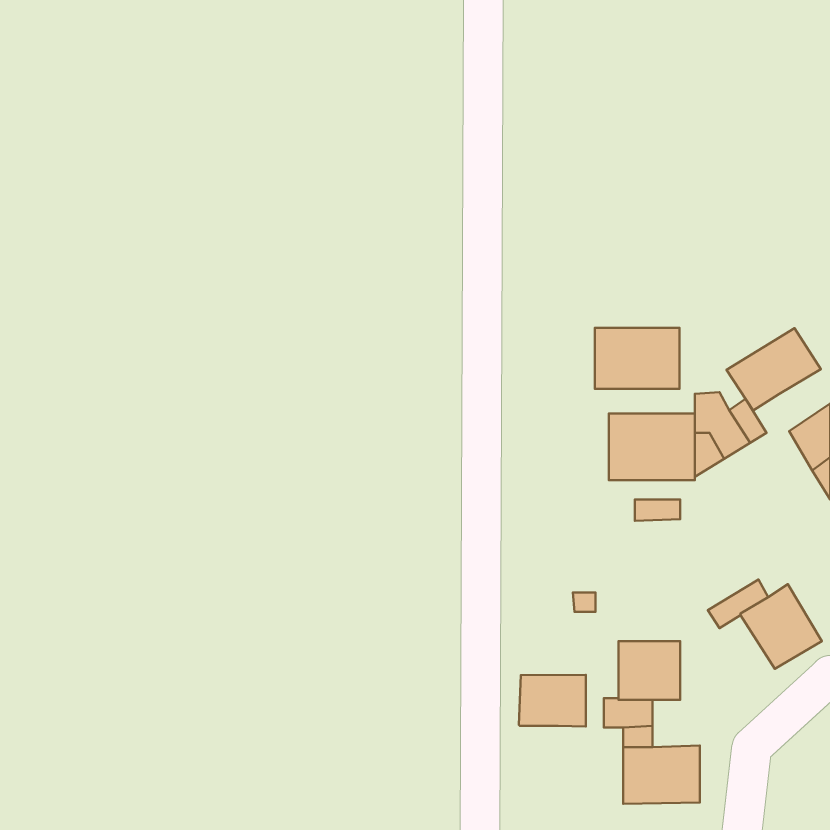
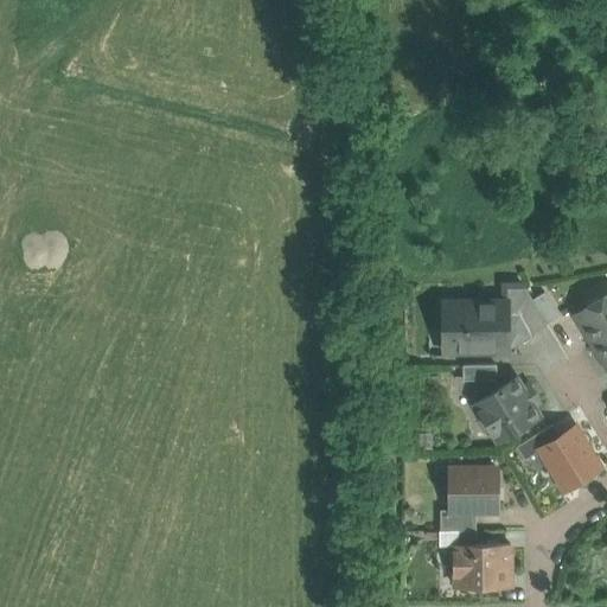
building: [595,328,679,389] -> none
building: [727,328,821,411] -> none
building: none -> [474,378,538,441]
building: [519,675,586,727] -> none

